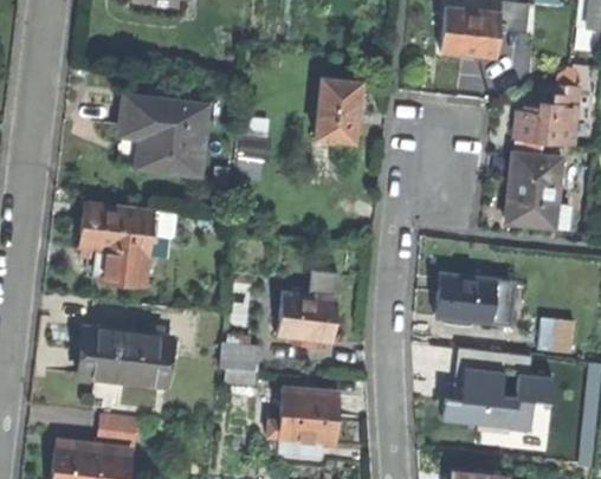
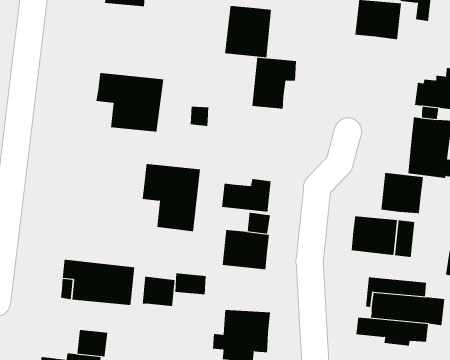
building: none -> [225,5,271,58]
building: [80,202,153,286] -> [142,164,201,232]
building: none -> [381,172,423,214]
building: none -> [221,178,271,212]
building: none -> [142,276,175,307]

